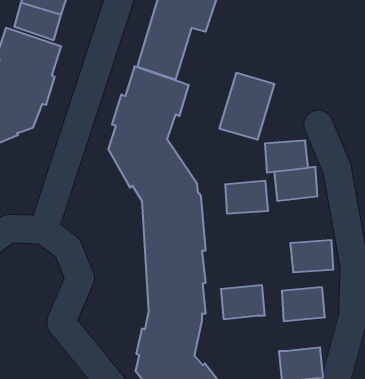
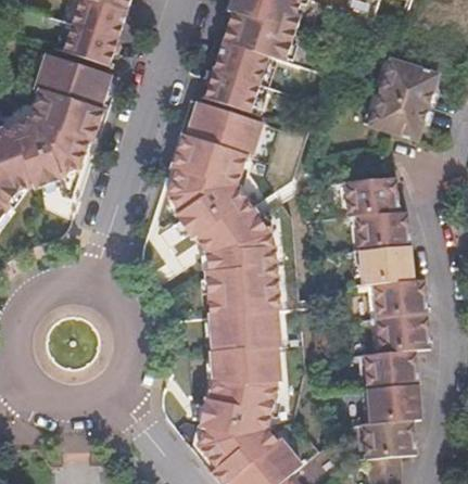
building: [219,73,275,140] -> [367,54,431,131]
building: [225,181,268,214] -> [375,264,425,302]
building: [221,285,265,319] -> [369,387,420,426]

